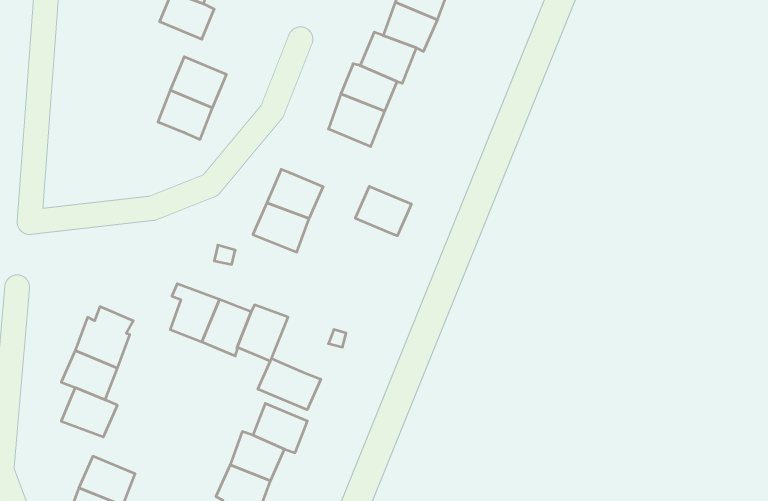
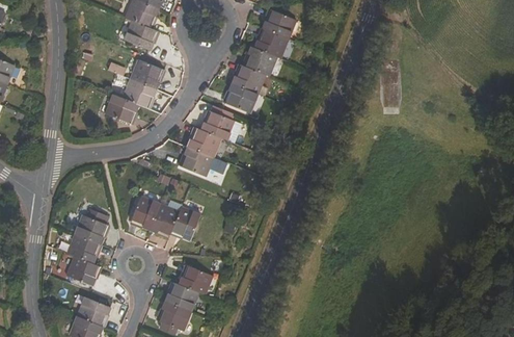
building: none -> [105,94,139,123]
building: [355,186,411,236] -> [201,109,235,138]
building: [258,359,321,410] -> none

